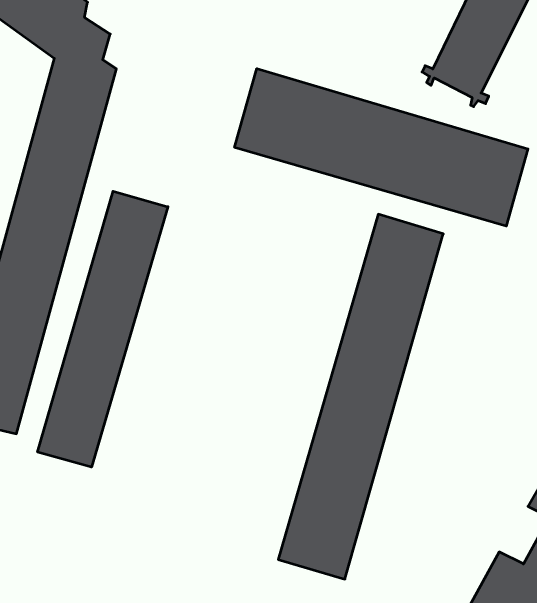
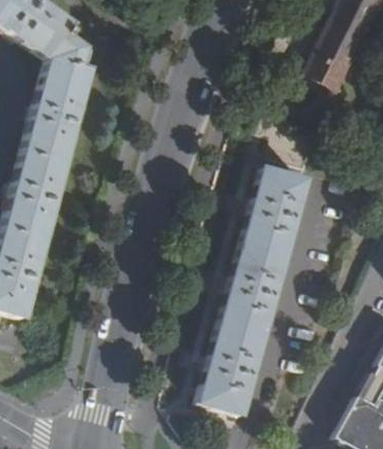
building: [235,69,528,226] -> none
building: [38,191,168,467] -> none

